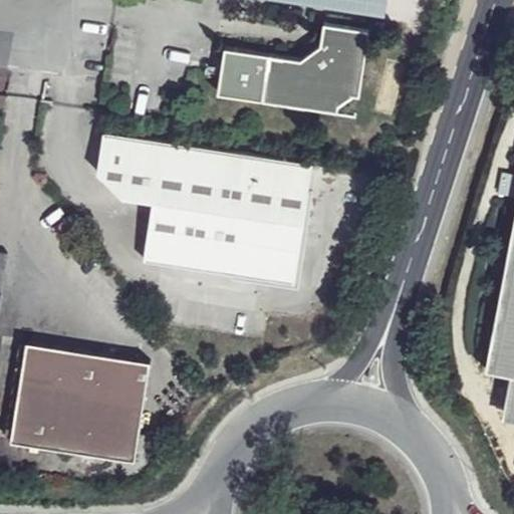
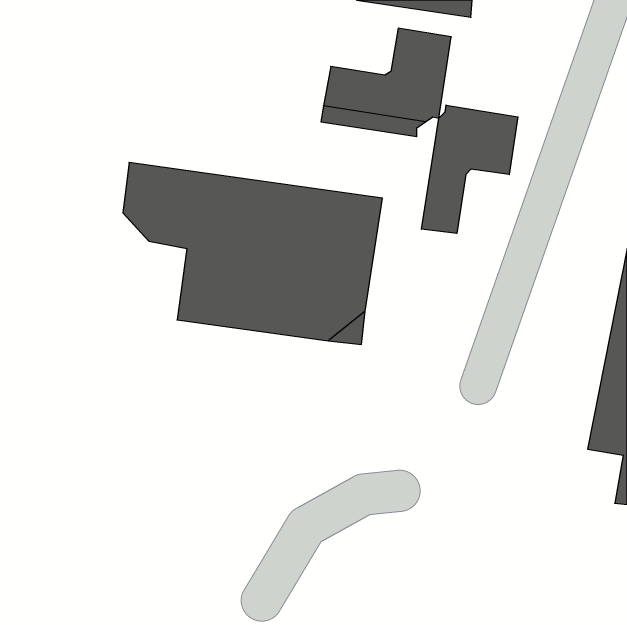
building: [218,50,270,102] -> none
building: none -> [422,105,518,233]
building: [12,343,151,460] -> none

